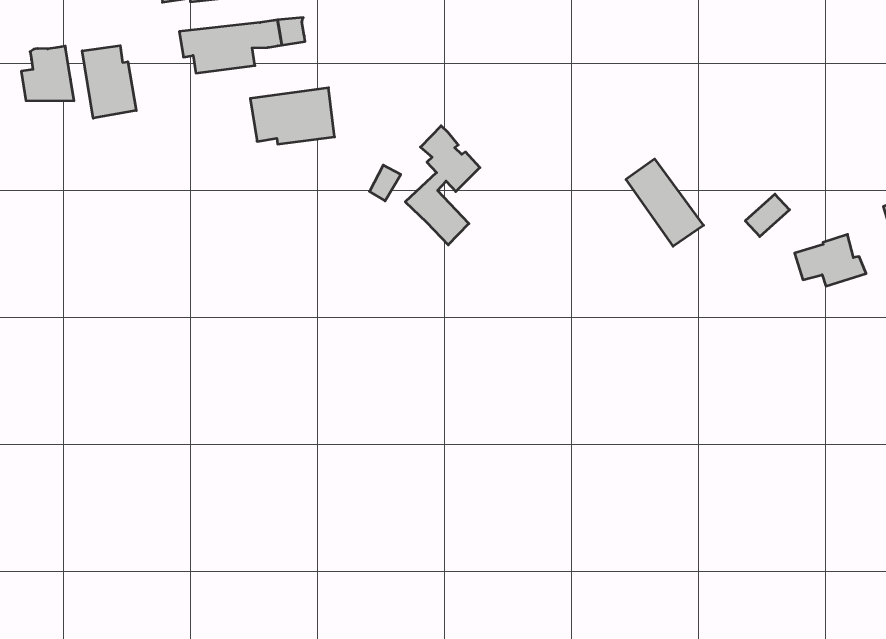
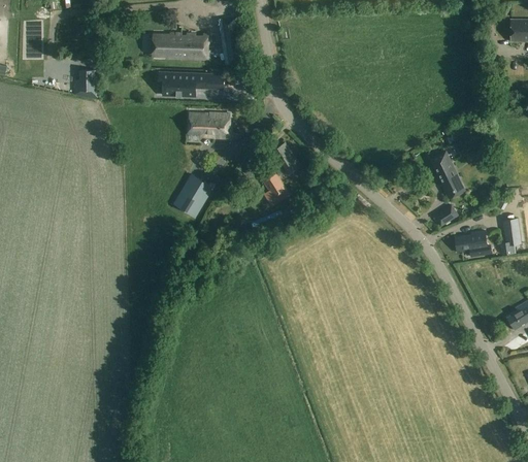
building: [82,46,136,118] -> none
building: [626,159,704,246] -> [428,151,464,197]
building: none -> [173,174,213,218]

